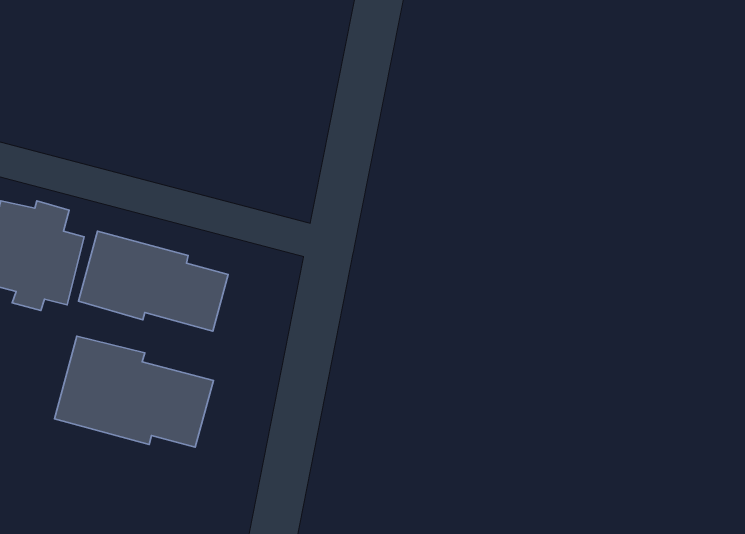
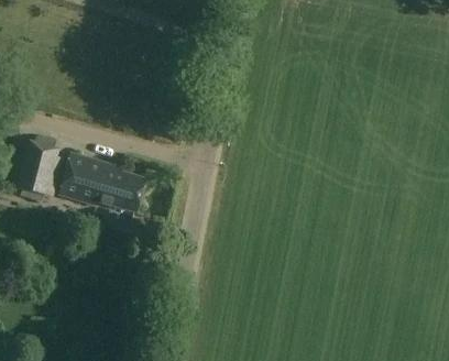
building: [54,336,213,447] -> none

